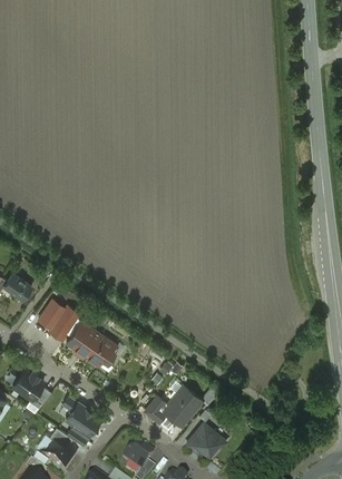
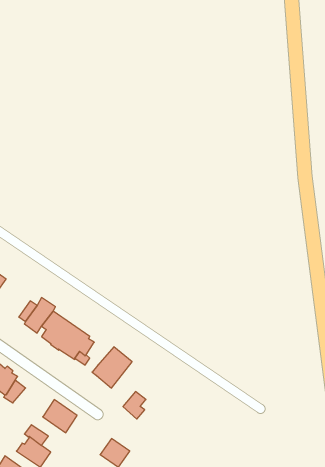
building: [162,387,201,427] -> [92,347,132,388]
building: [186,423,225,461] -> none

